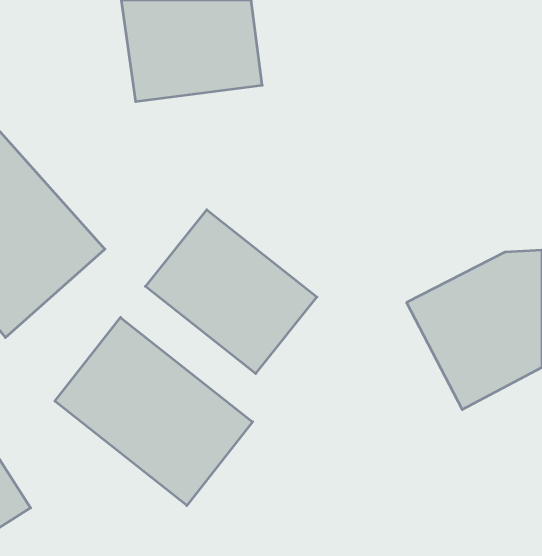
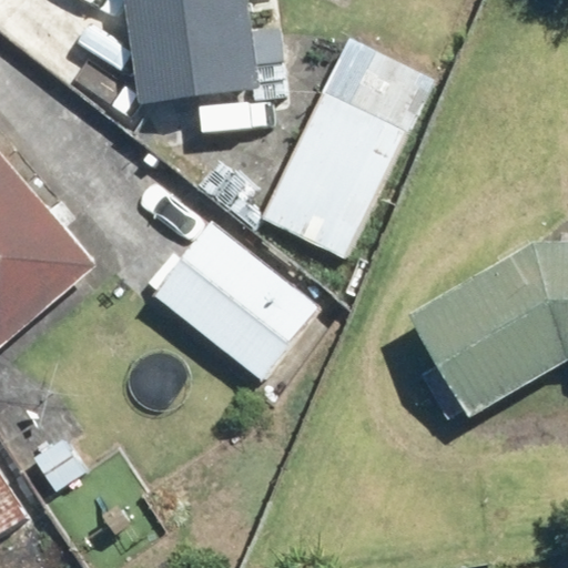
building: none -> [257,34,430,260]
building: [55,317,253,506] -> none

